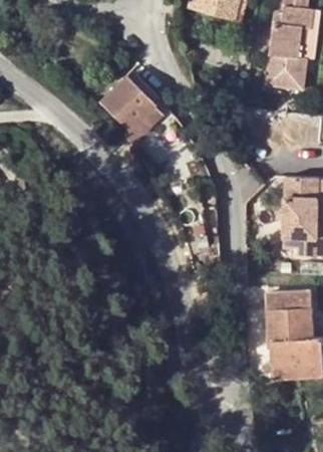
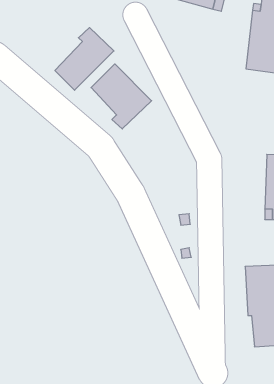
building: none -> [55,28,114,90]

